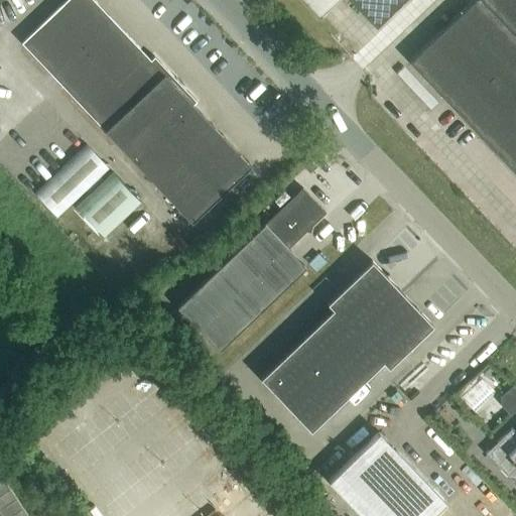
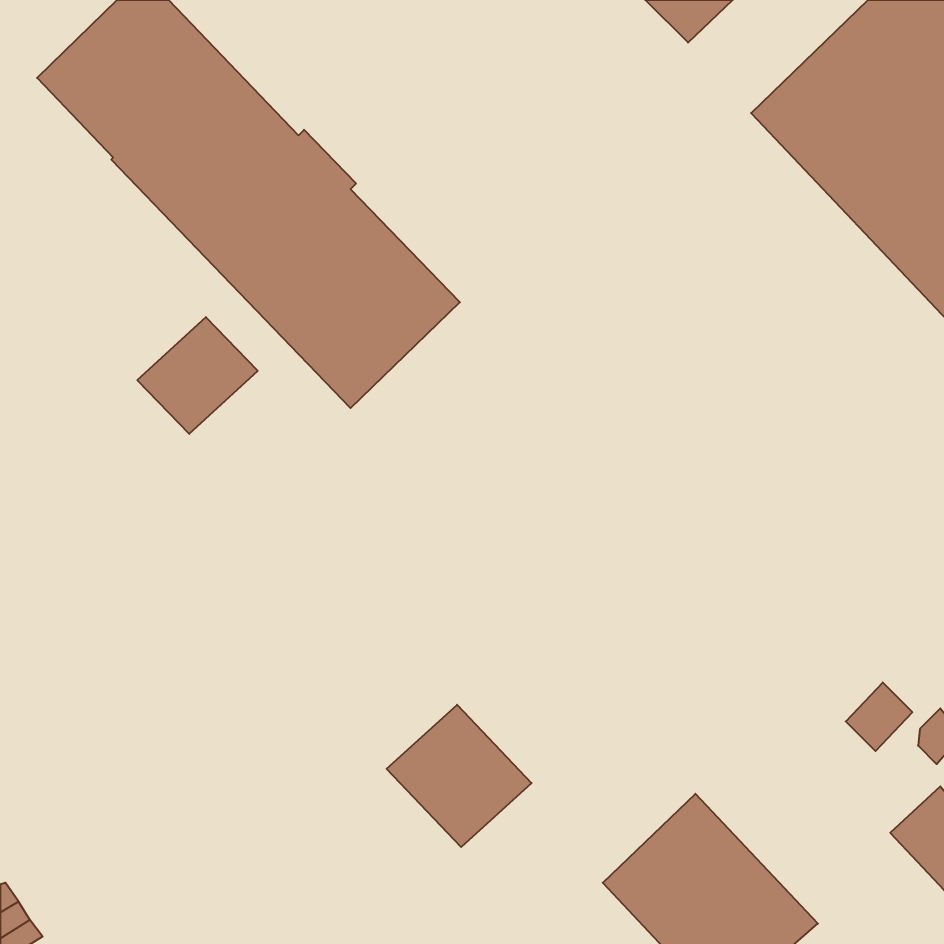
building: [35,146,110,219] -> none
building: [178,189,327,353] -> none
building: [261,262,434,432] -> none
building: none -> [387,705,532,847]

